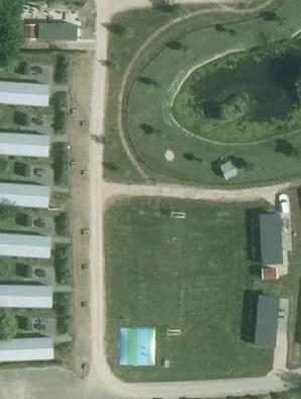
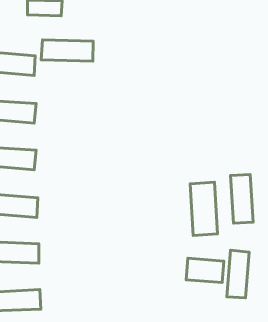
building: none -> [41,40,93,61]
building: none -> [190,182,218,236]
building: none -> [186,258,224,283]

